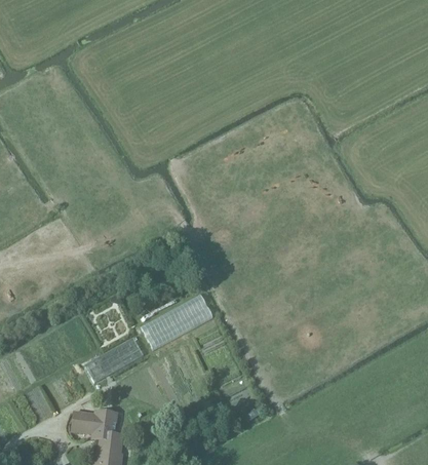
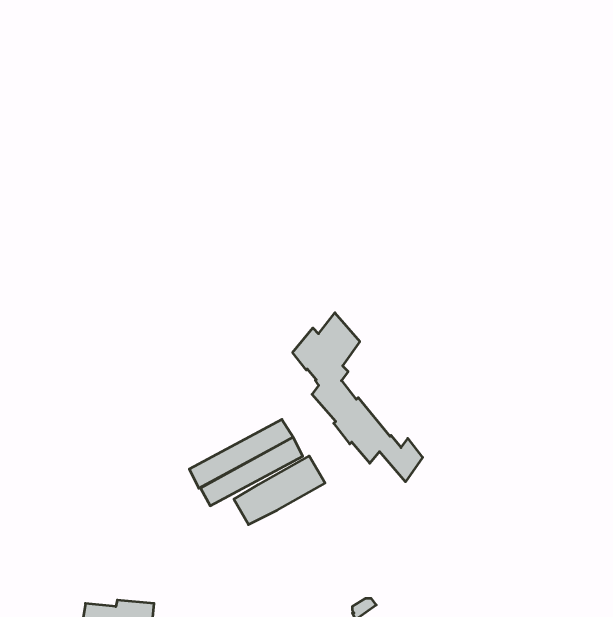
building: none -> [293,313,423,482]
building: [84,337,143,381] -> [234,456,325,525]

